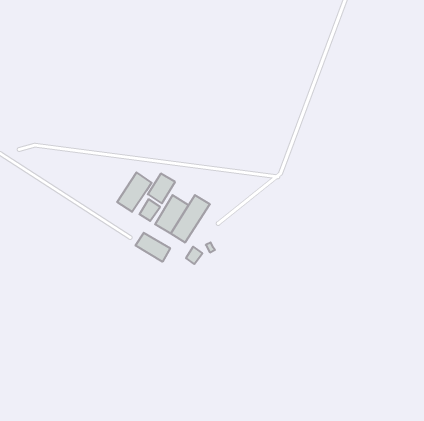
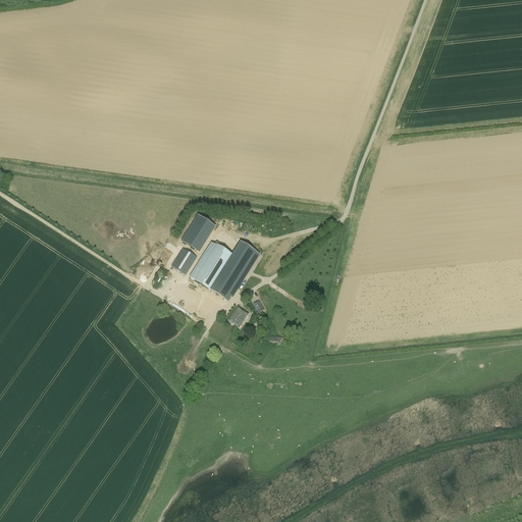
building: [117,172,152,212] -> none
building: [136,233,170,262] -> none

